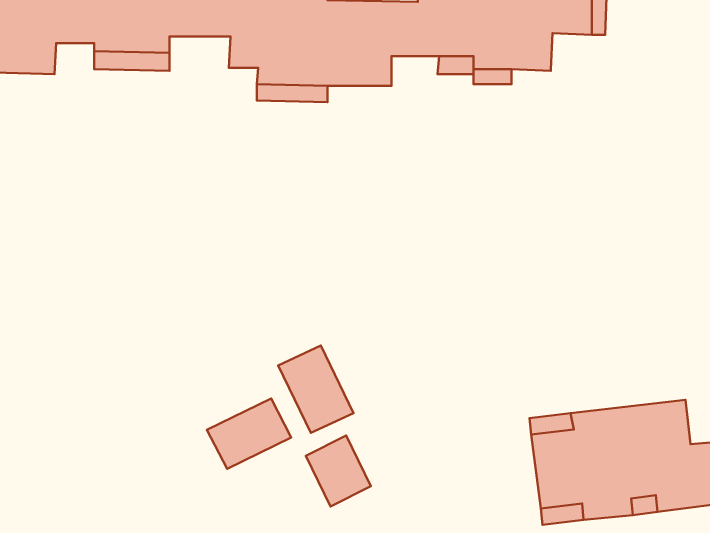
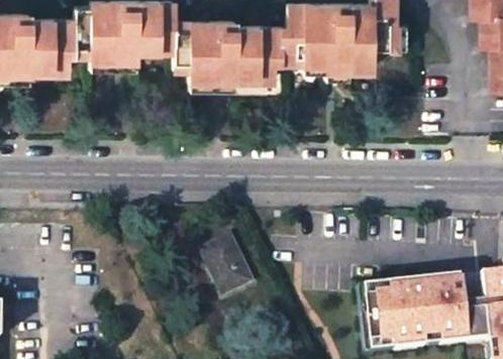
building: [207,399,291,469] -> none
building: [306,435,371,507] -> none

